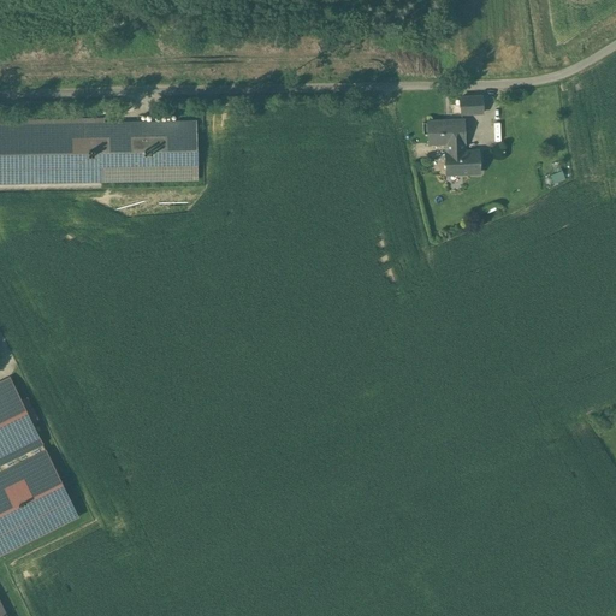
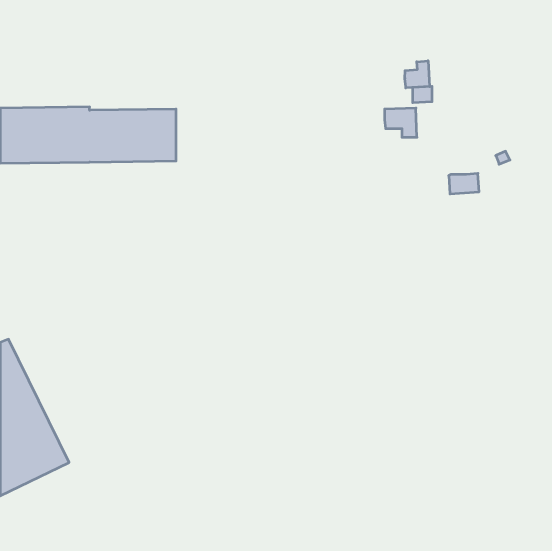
building: none -> [405,61,430,88]
building: [445,153,479,176] -> [449,173,479,194]

